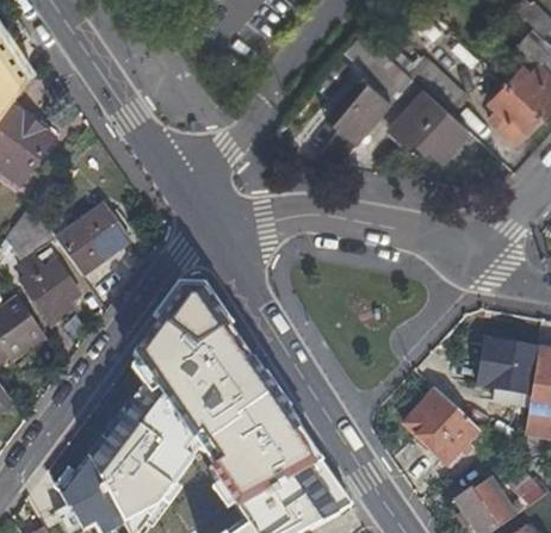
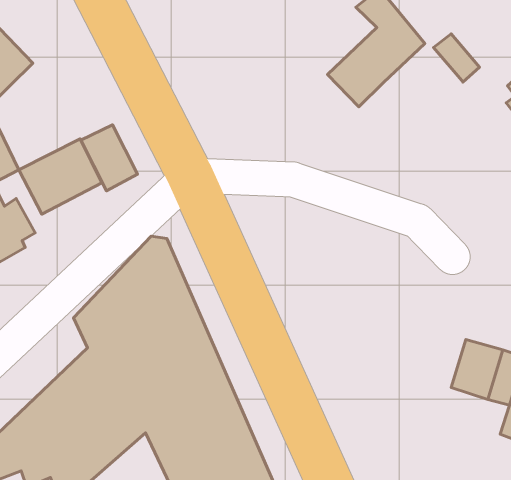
building: [376,75,466,159] -> none
building: none -> [81,125,138,191]
building: [402,388,476,459] -> none

